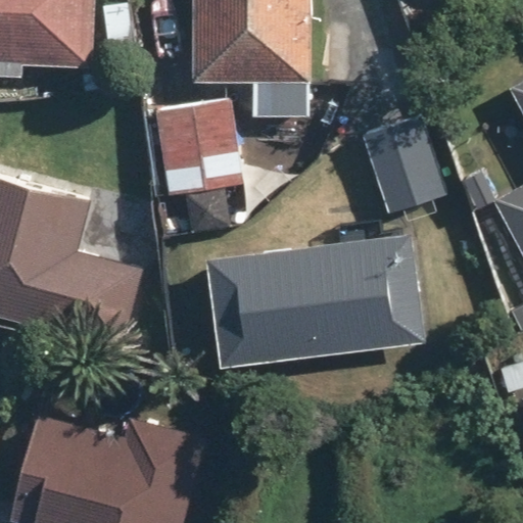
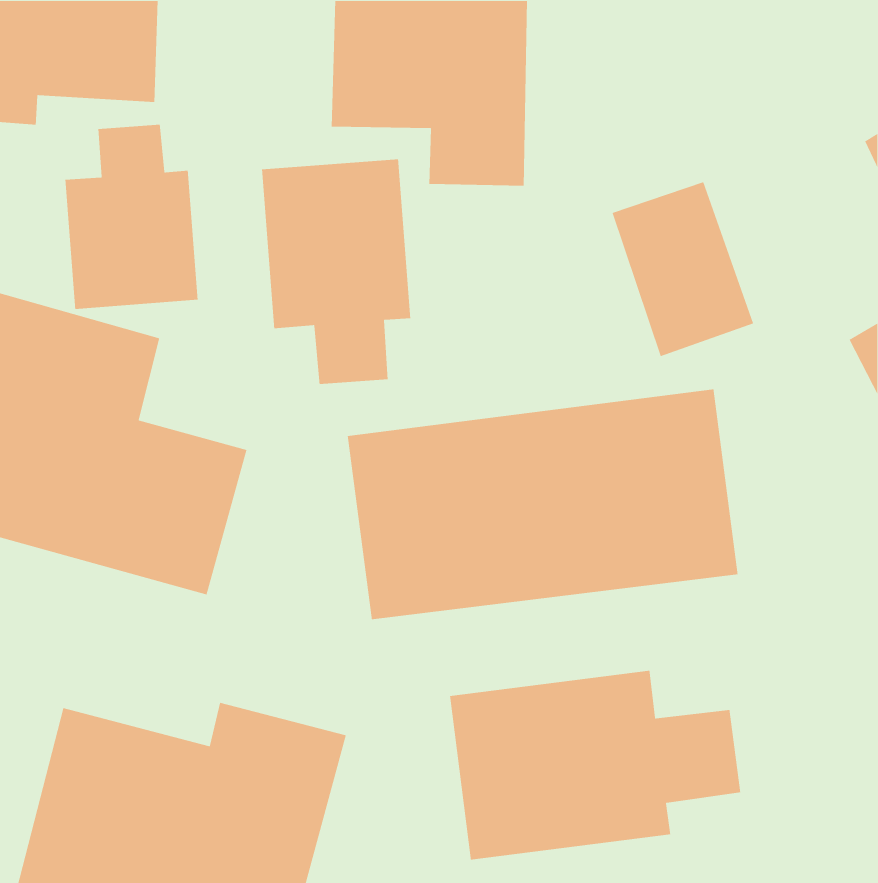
building: none -> [64,124,199,310]
building: none -> [449,670,741,860]

